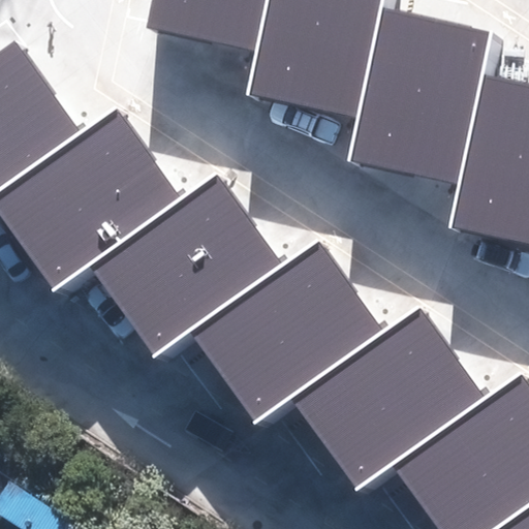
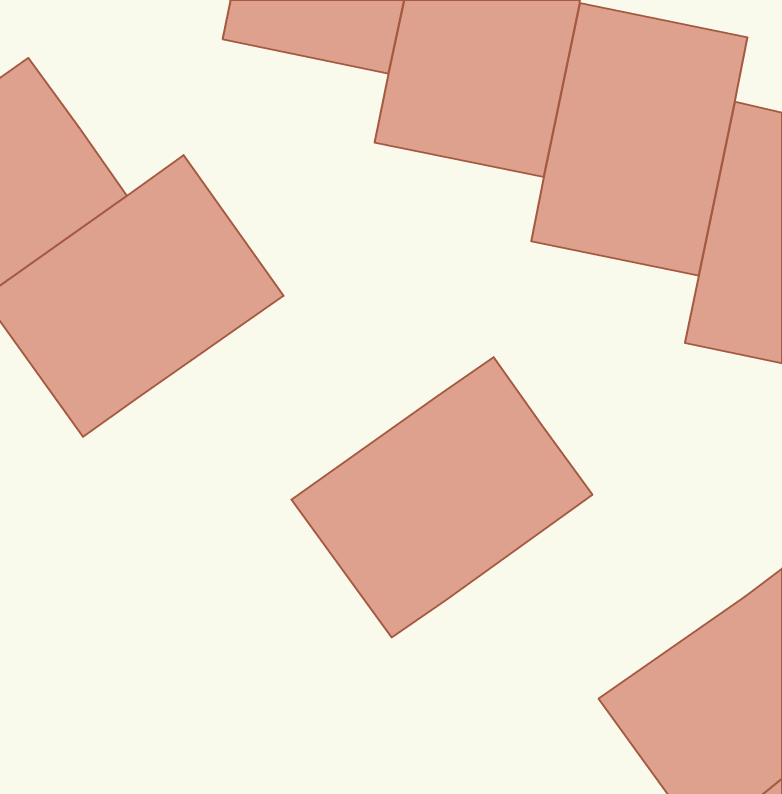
building: [91,174,288,359] -> none
building: [294,307,491,491] -> none

